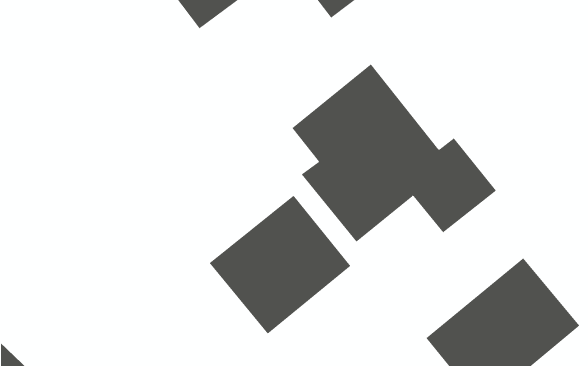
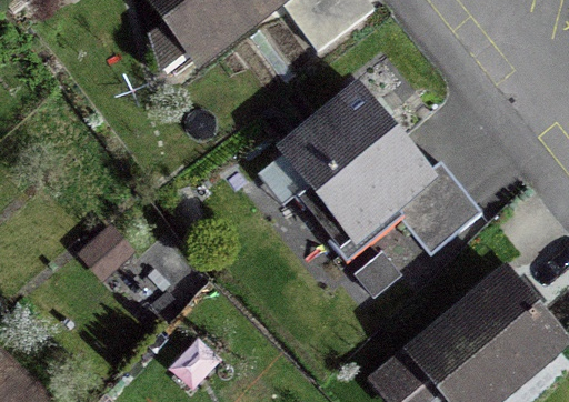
building: [209,195,351,335] -> none

